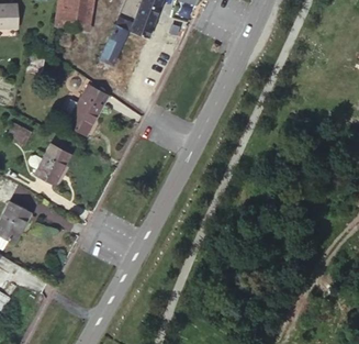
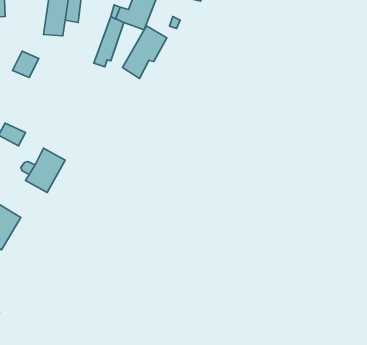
building: [70,88,111,136] -> [123,26,167,78]

